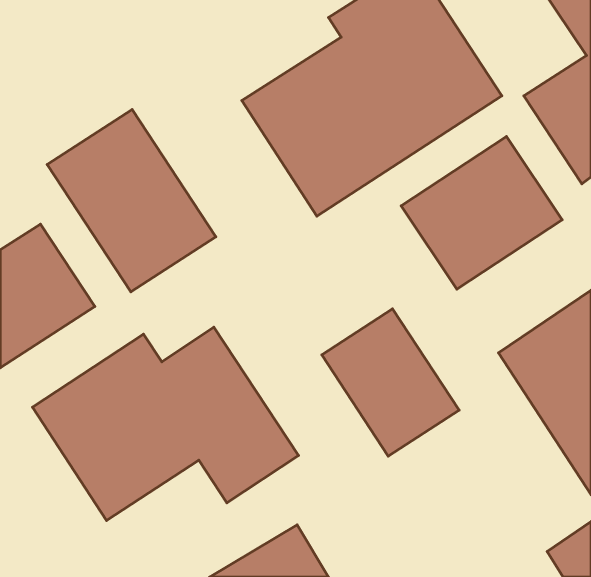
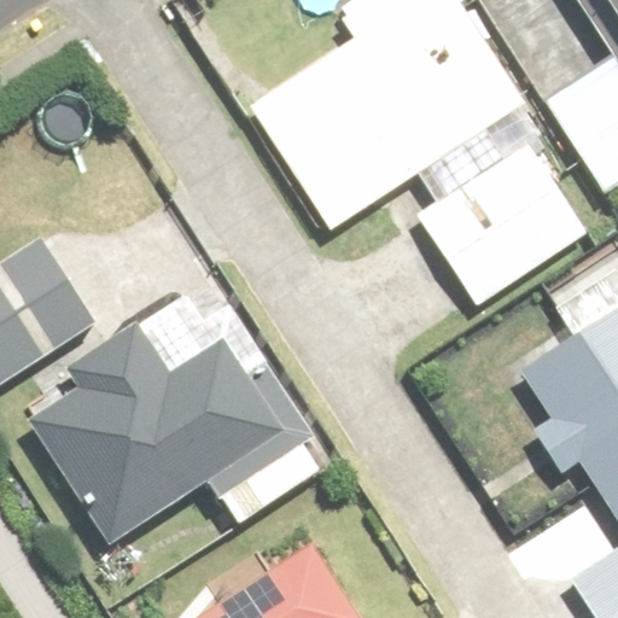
building: [47,109,216,292] -> none
building: [322,309,459,456] -> none

